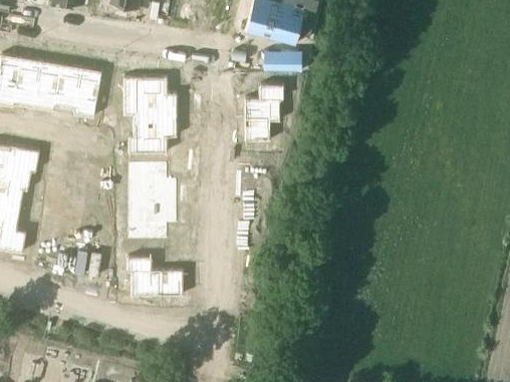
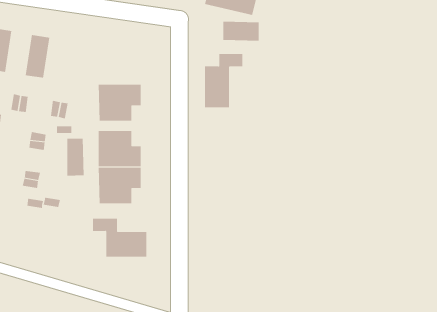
building: [32,61,59,108] -> none
building: [72,68,100,115] -> none
building: [130,79,176,117] -> none
building: none -> [67,138,84,177]

